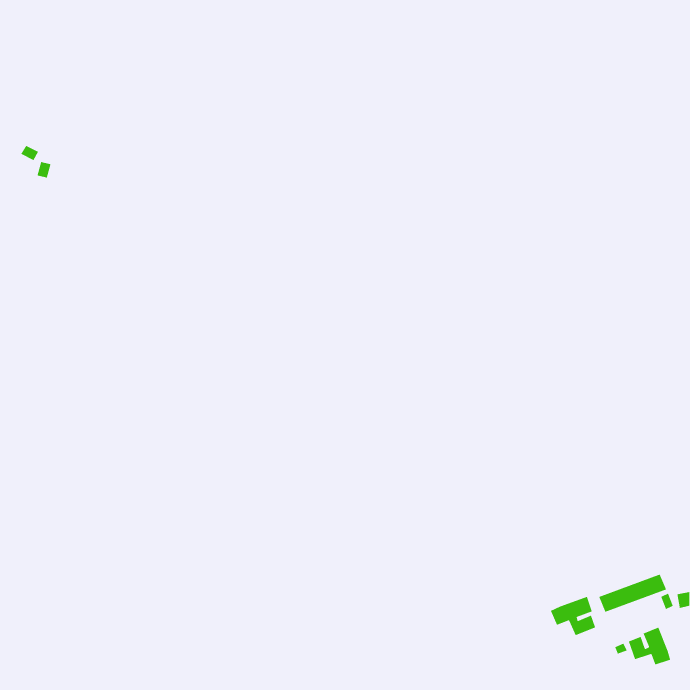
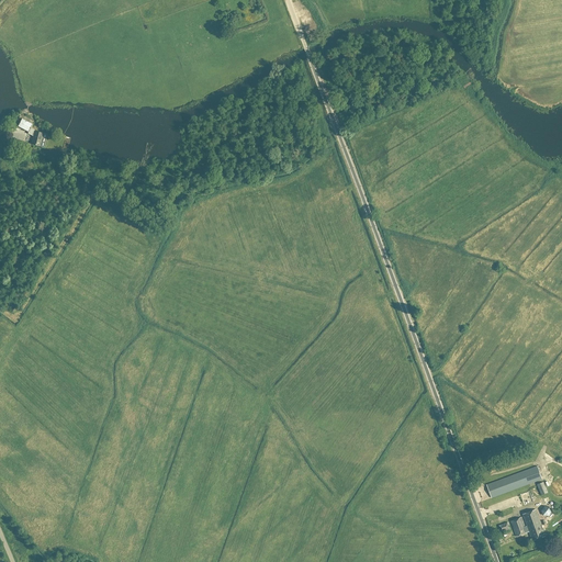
building: [550,596,596,636] -> none

